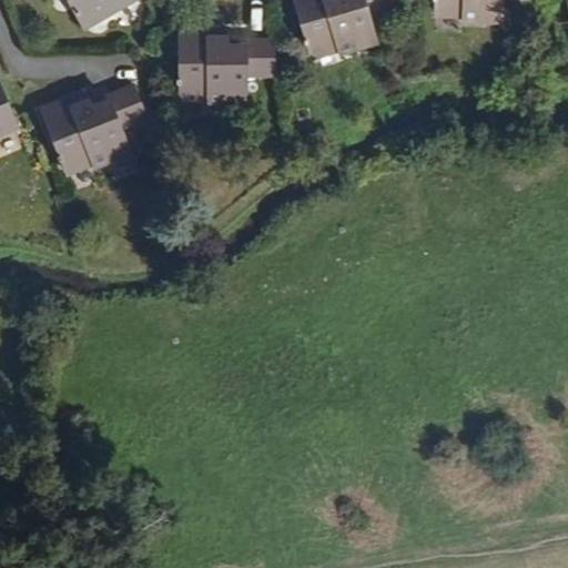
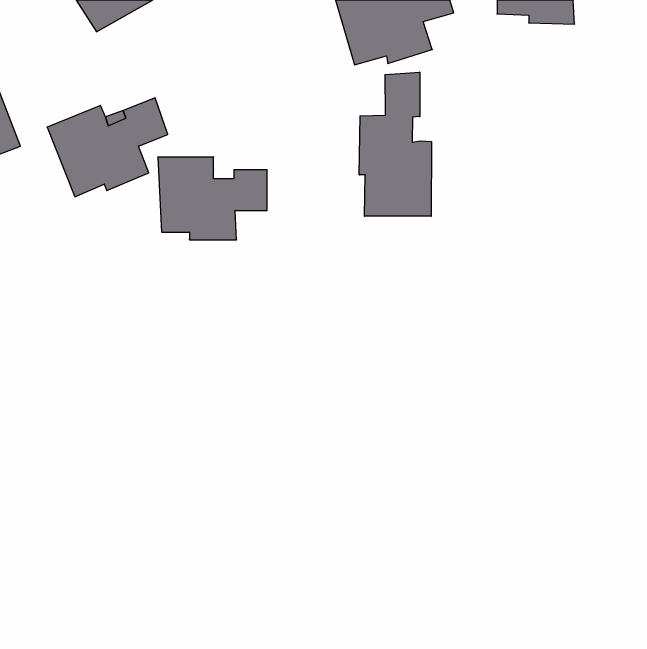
building: [179,30,274,102] -> [158,157,267,240]
building: none -> [359,72,431,216]

